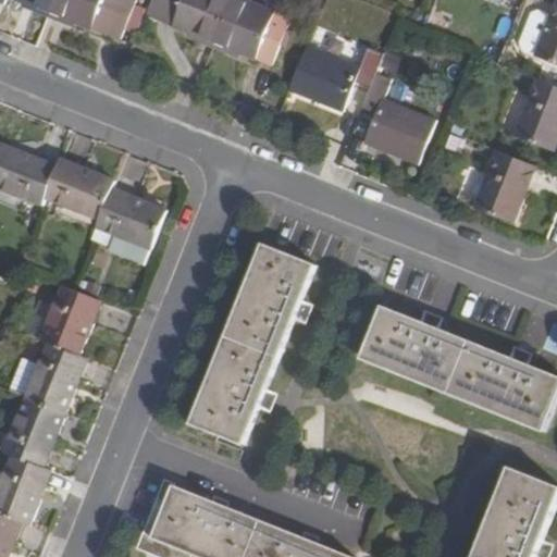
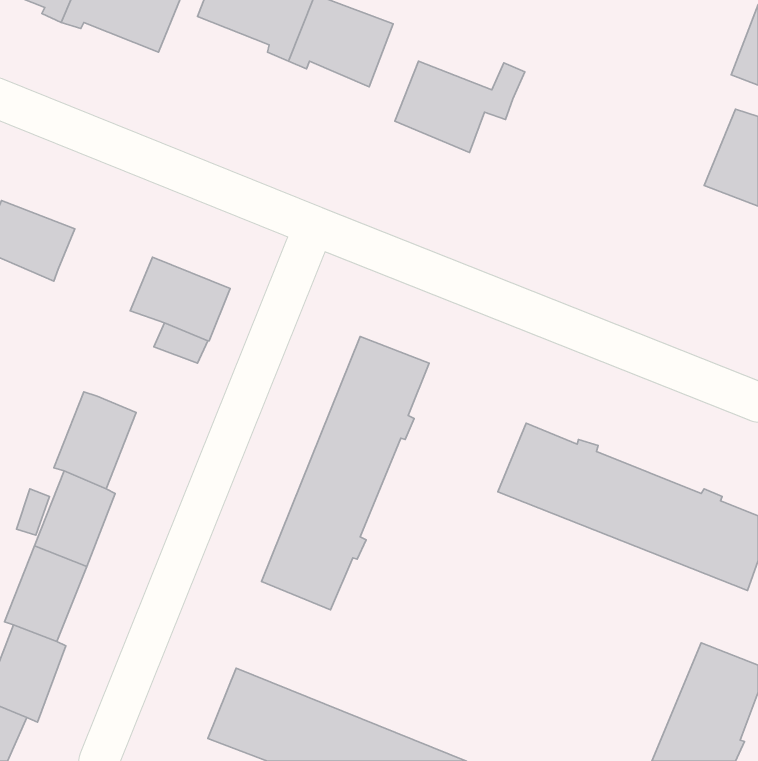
building: [359,72,433,162] -> none
building: [472,150,533,221] -> none
building: [42,157,114,219] -> none

